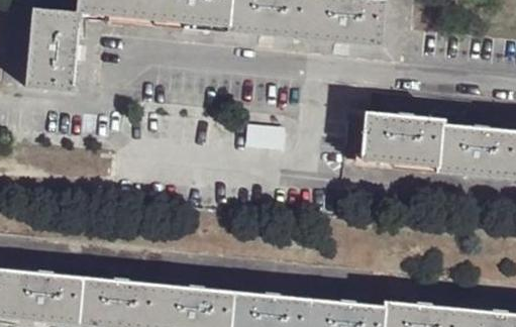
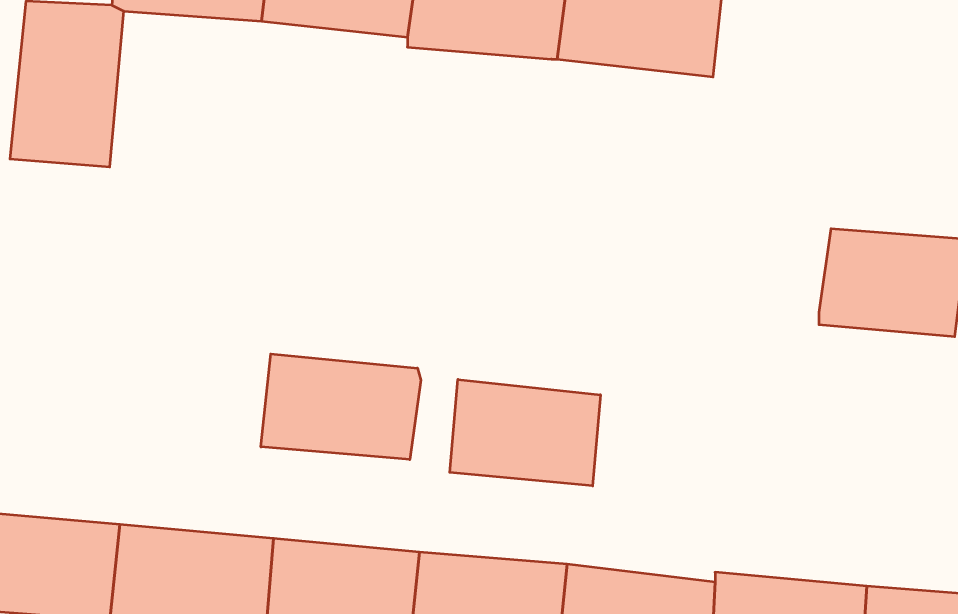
building: [360,114,440,169] -> none
building: none -> [261,354,421,460]
building: none -> [450,379,600,486]

